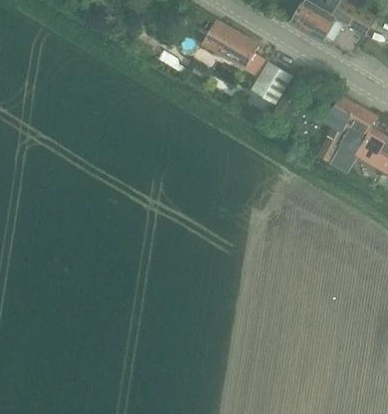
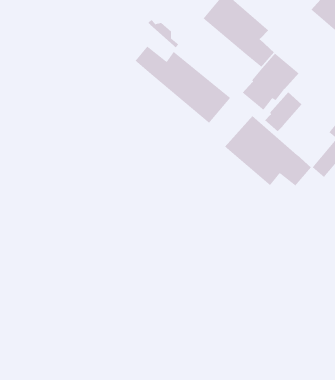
building: none -> [135,46,231,124]
building: none -> [224,115,312,186]

